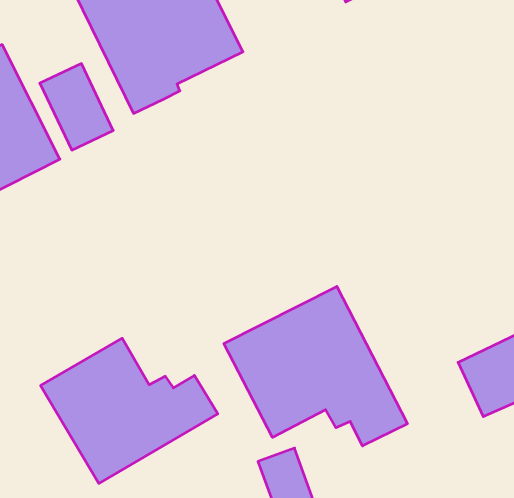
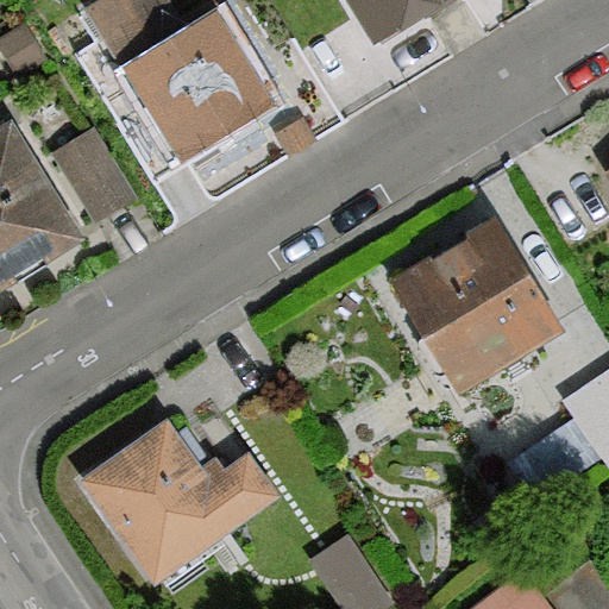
building: none -> [393,219,560,389]
building: [224,286,407,446] -> none

